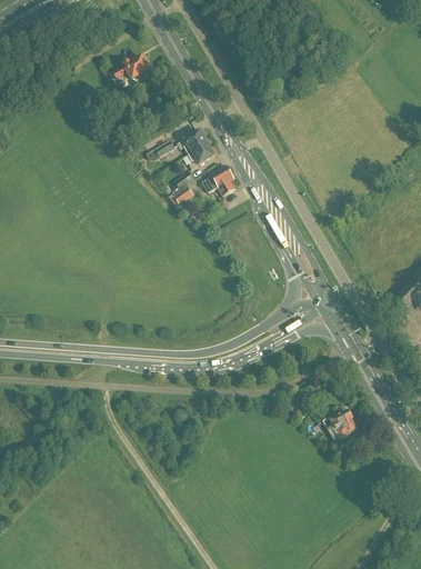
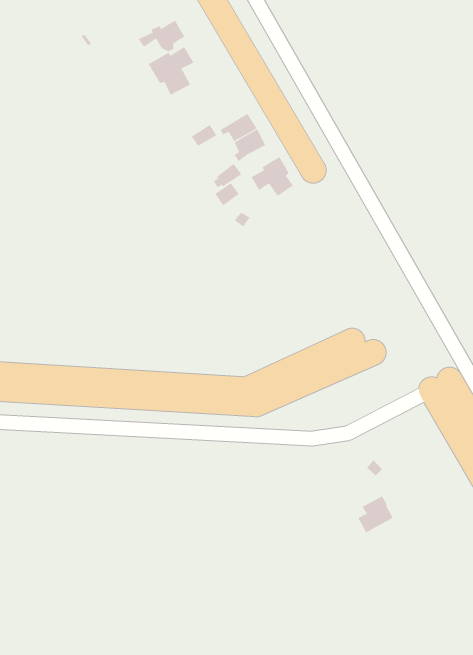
building: none -> [148,46,194,95]
building: [328,411,357,441] -> [357,496,394,533]

